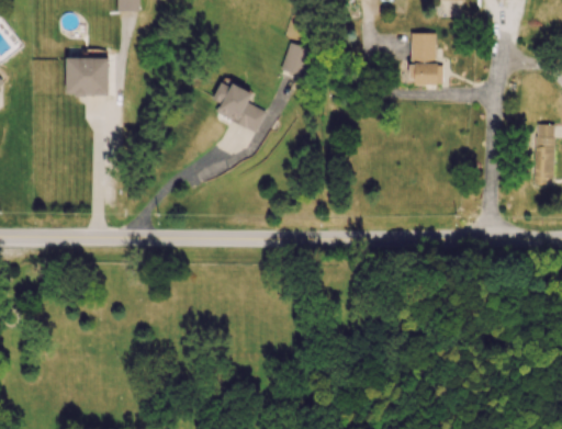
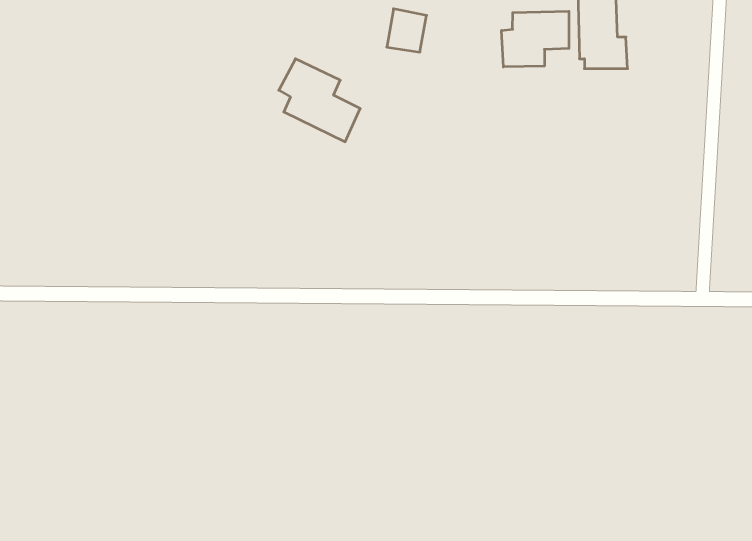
building: none -> [502,11,569,67]
building: [65,57,108,95] -> none

